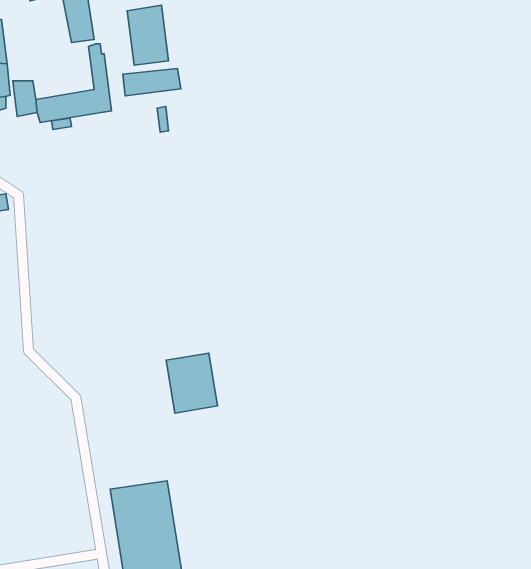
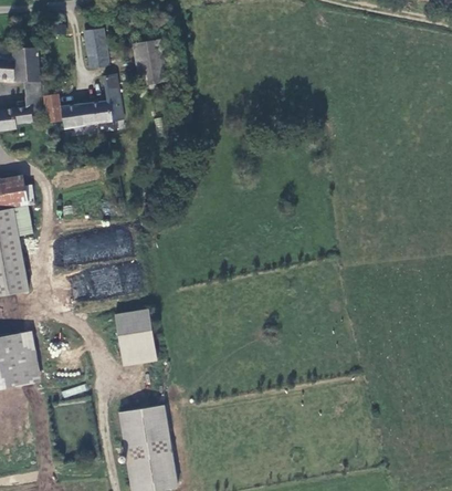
building: [123,69,181,96] -> none
building: [166,353,218,413] -> [116,310,156,356]

